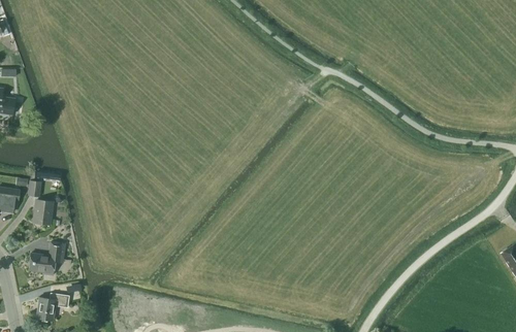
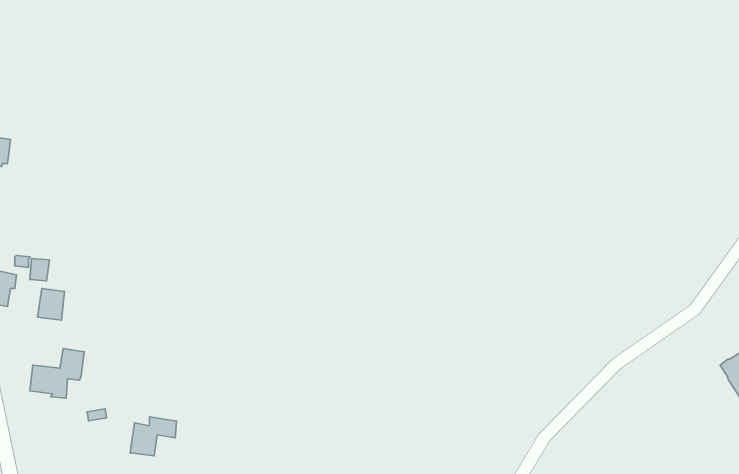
building: [36,293,68,320] -> [130,417,177,456]

